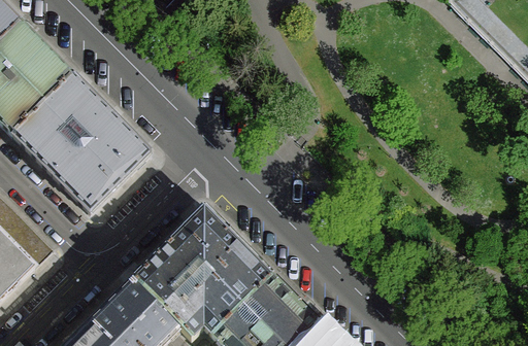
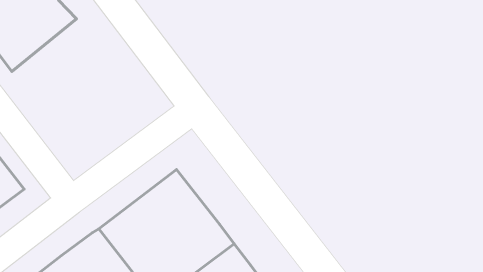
building: [22,76,144,202] -> none

